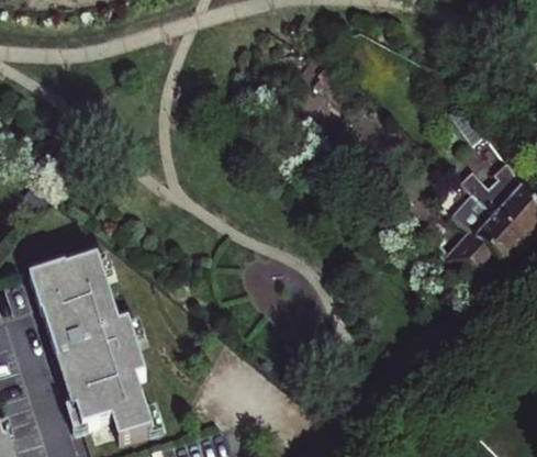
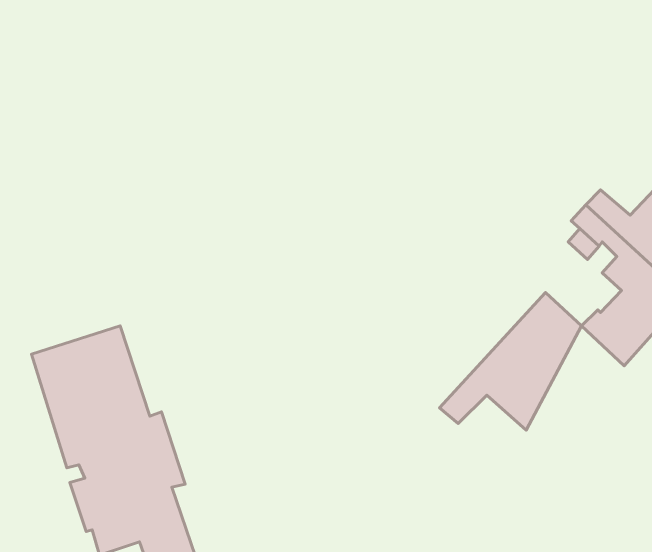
building: none -> [440,293,581,430]

